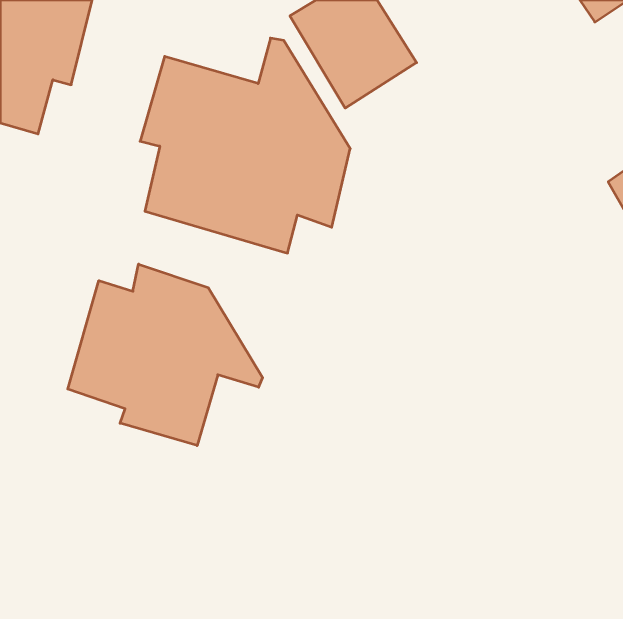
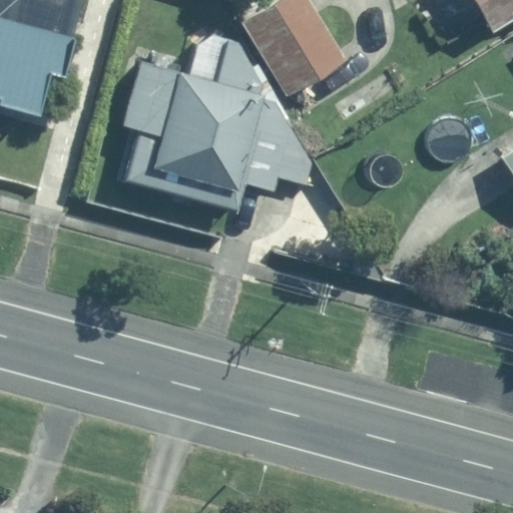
building: [68,264,263,446] -> none

